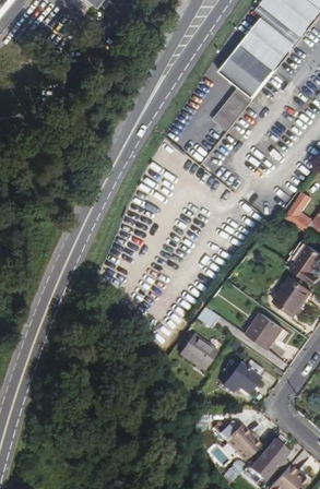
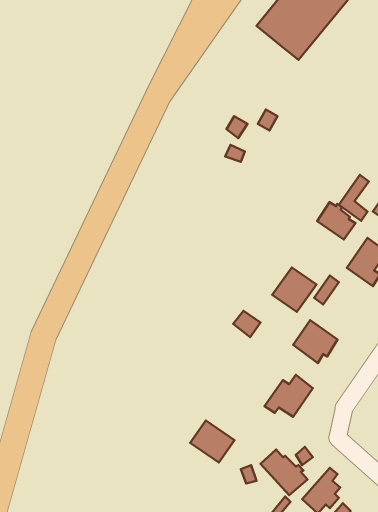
building: [212,86,250,129] -> none
building: none -> [317,202,355,240]
building: [273,277,310,314] -> [272,267,317,312]
building: [179,335,216,370] -> [190,421,235,462]

